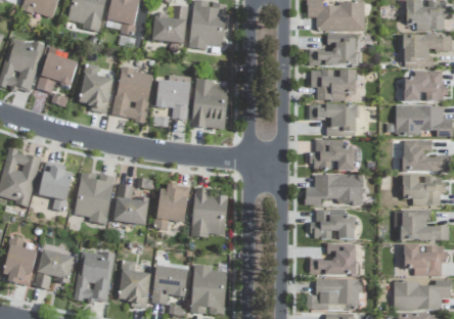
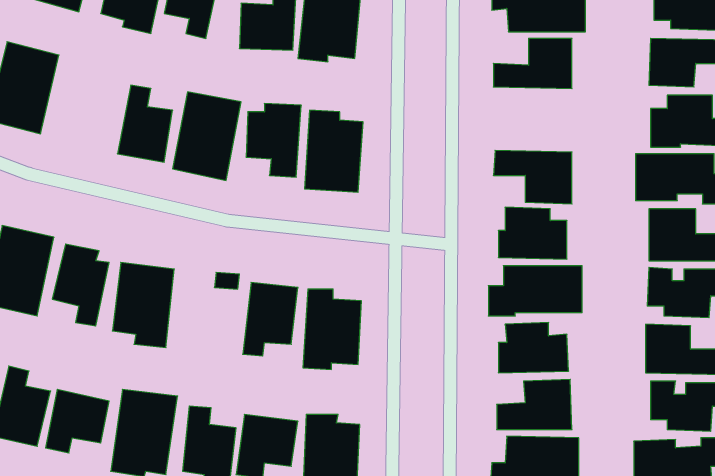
building: [37,53,77,92] -> none
building: [311,70,356,100] -> none
building: [114,183,148,225] -> none

